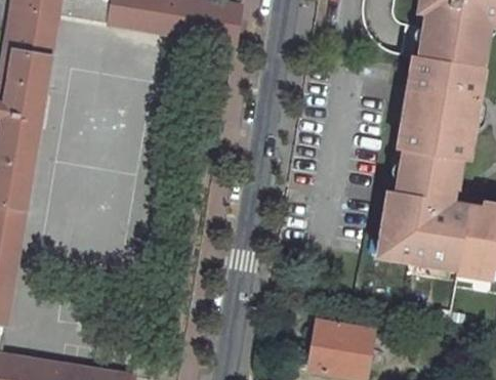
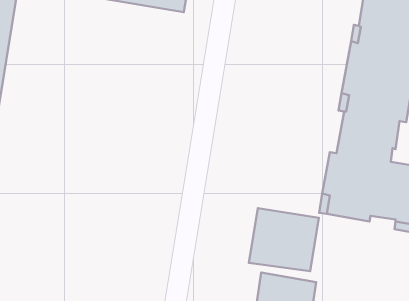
building: none -> [249,208,319,271]

